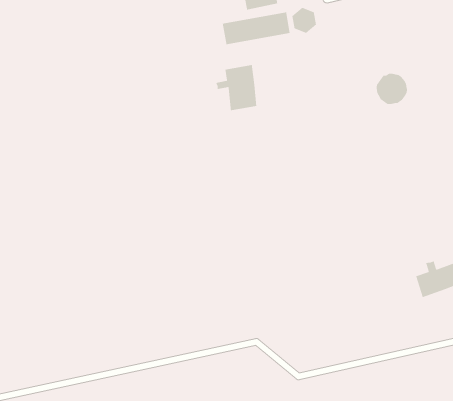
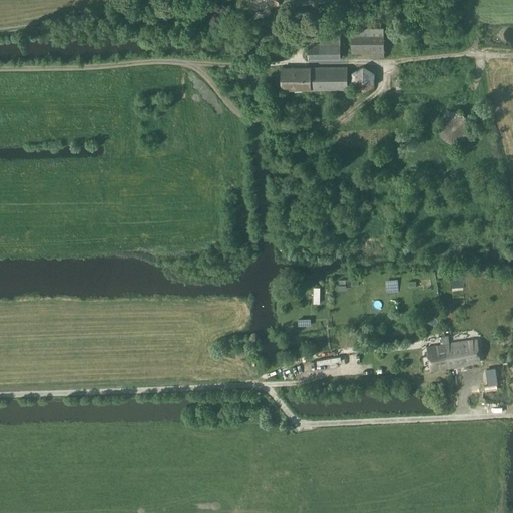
building: [215,64,257,111] -> none
building: [376,73,408,105] -> [438,112,469,143]

